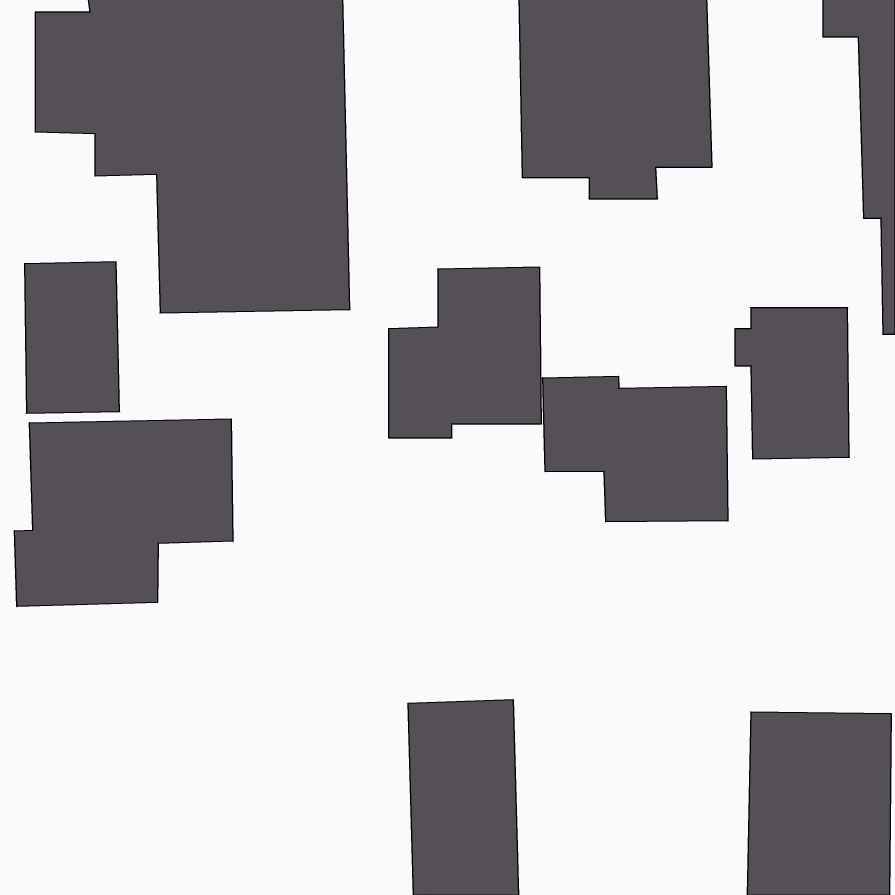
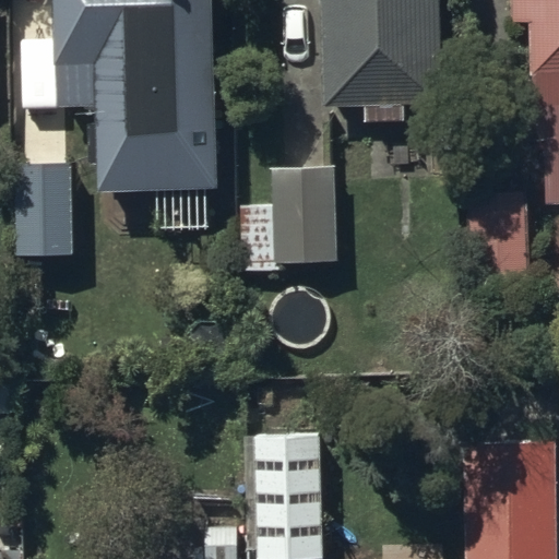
building: [543,376,728,522] -> none
building: [15,419,233,607] -> none

